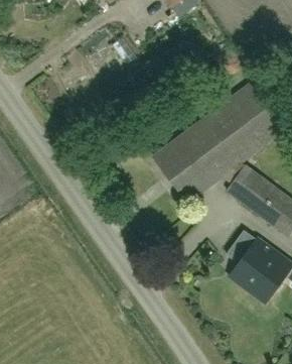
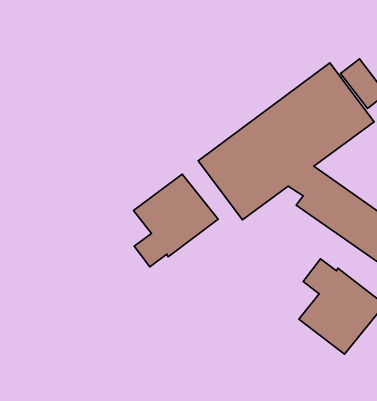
building: none -> [134,174,218,267]

